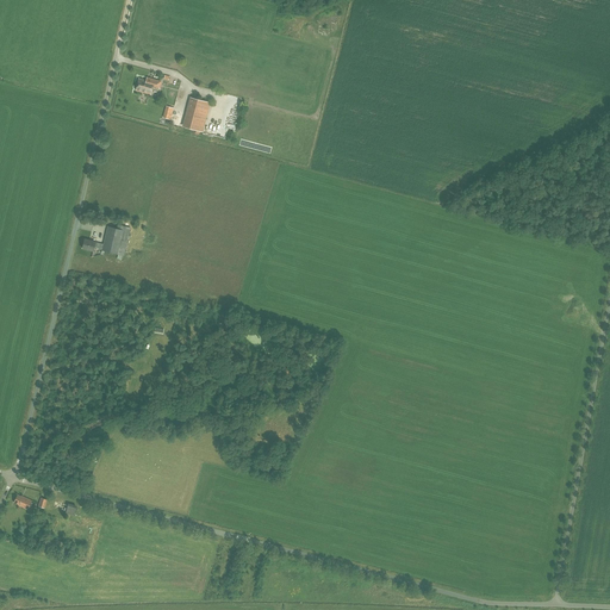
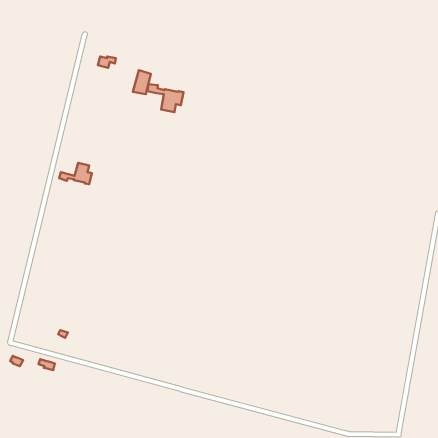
building: none -> [147,84,183,112]

